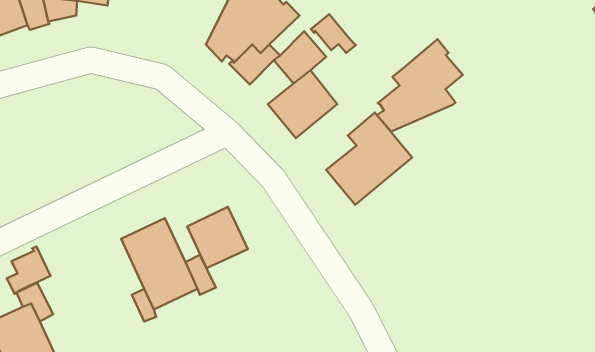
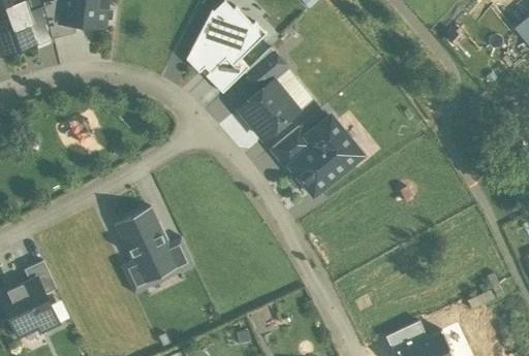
building: [311,14,356,53] -> none
building: [377,39,463,131] -> none
building: none -> [273,126,315,167]
building: [187,207,248,268] -> none
building: [7,246,51,294] -> none

